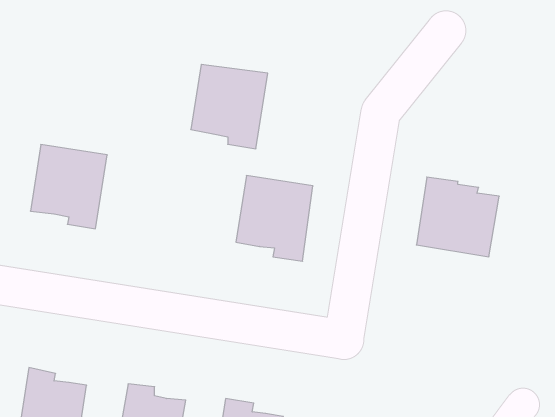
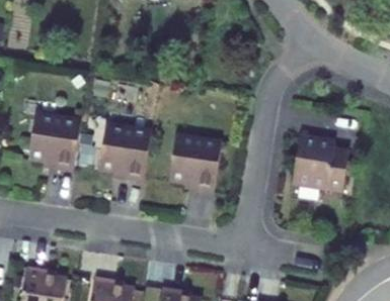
building: [191,64,268,149] -> [99,124,152,182]

